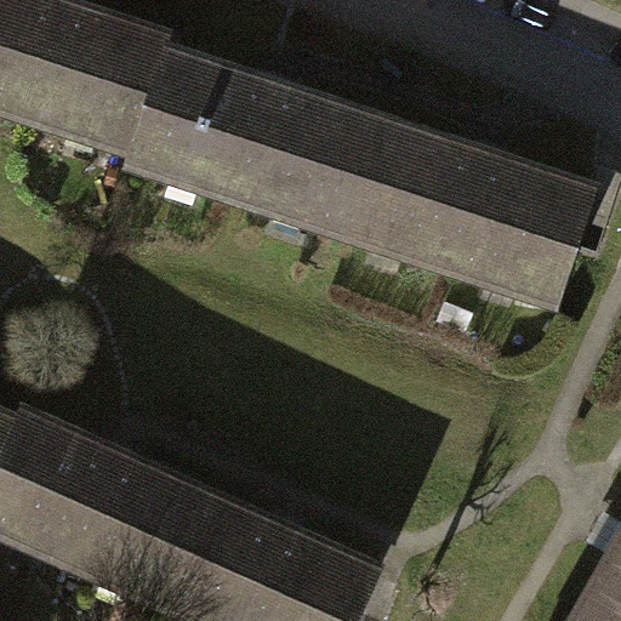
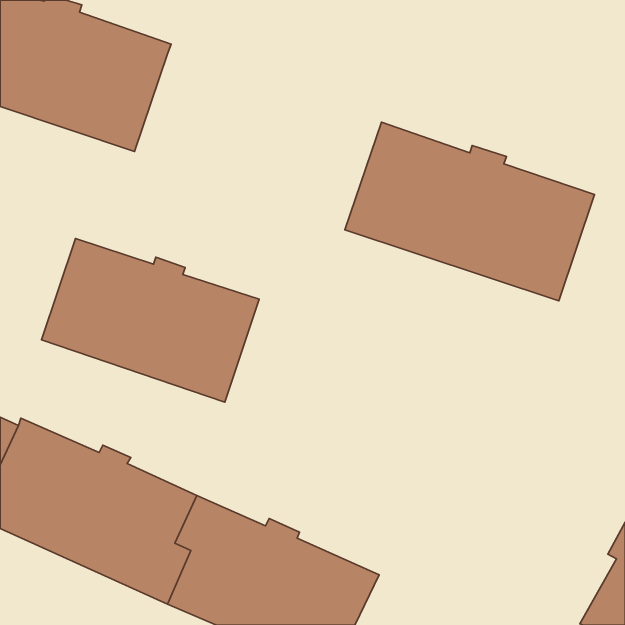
building: [131,53,378,228] -> none
building: none -> [41,238,259,402]

